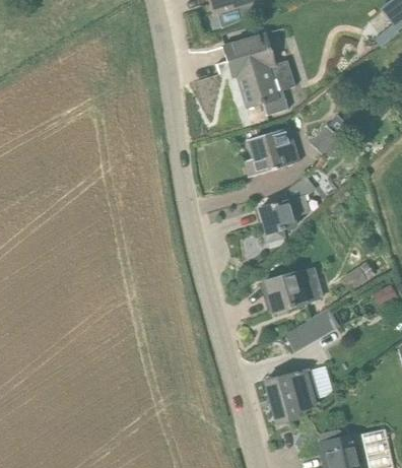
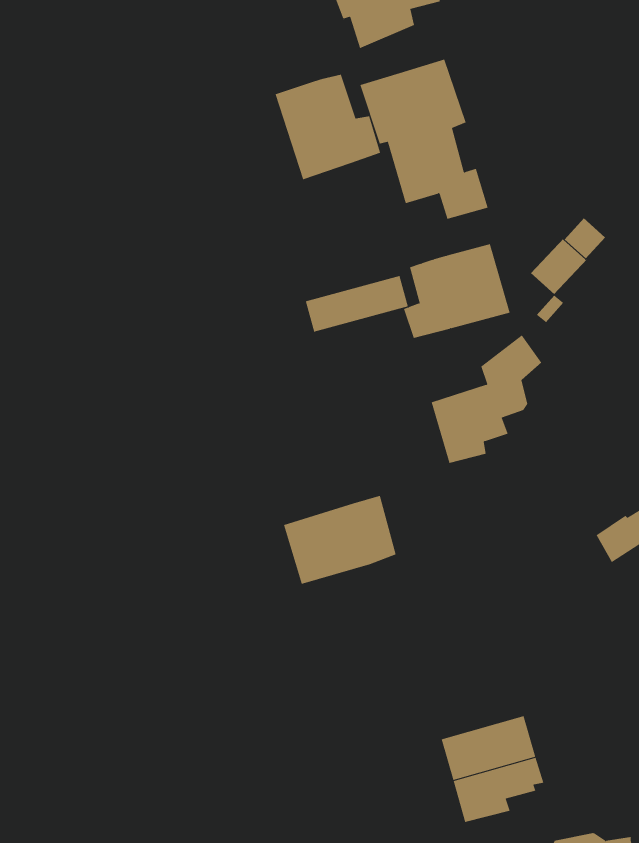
building: none -> [275,74,381,180]
building: none -> [305,275,408,333]
building: [264,266,322,312] -> [283,495,396,584]
building: [285,309,338,351] -> none

